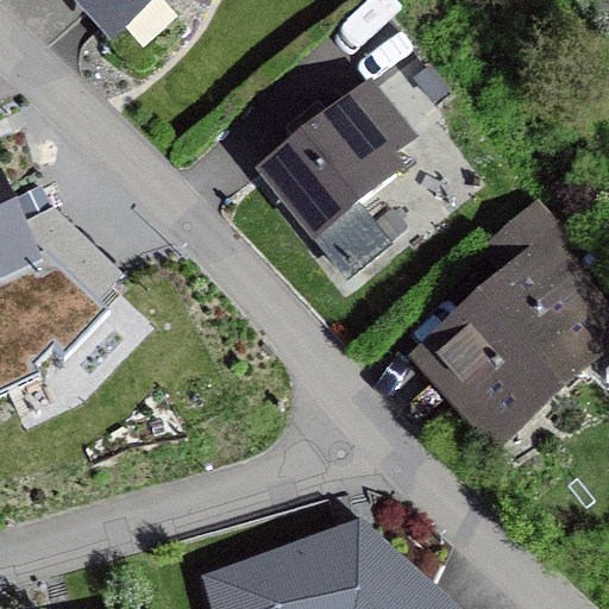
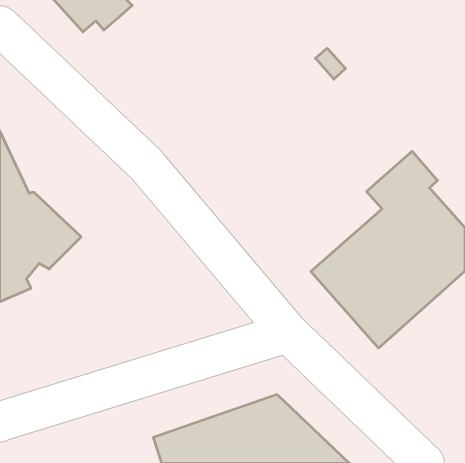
building: [253,76,416,283] -> none

